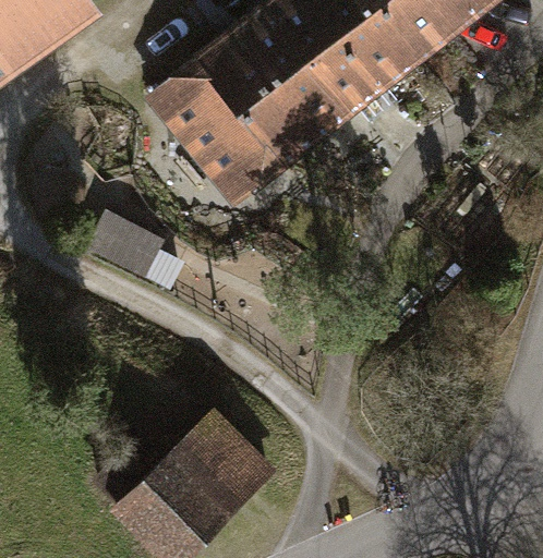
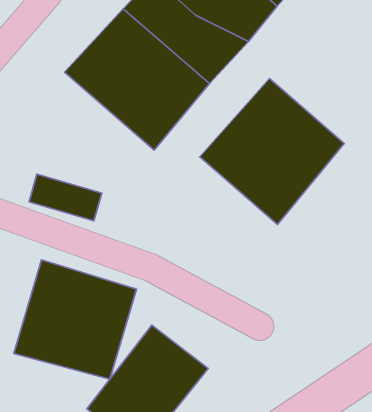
building: none -> [200,78,344,225]
building: none -> [14,260,137,379]

